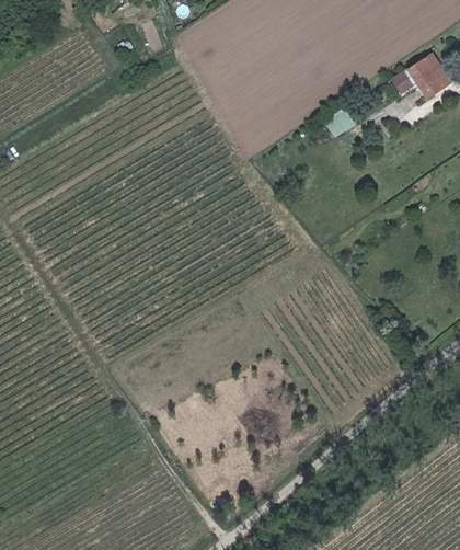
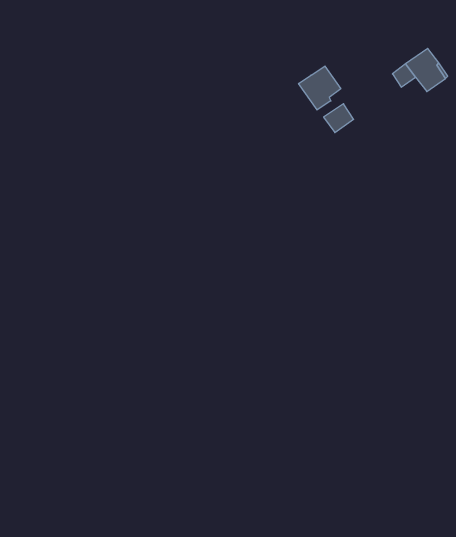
building: none -> [299,66,341,110]

